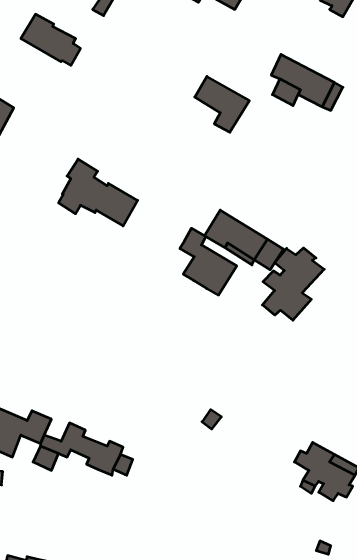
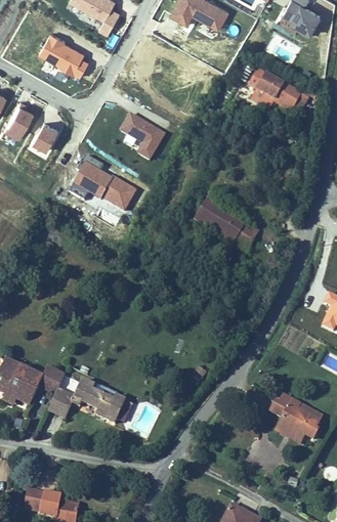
building: [195,76,249,132] -> [121,114,167,161]
building: none -> [34,122,59,150]
building: [180,228,237,295] -> none
building: [262,248,324,320] -> none

